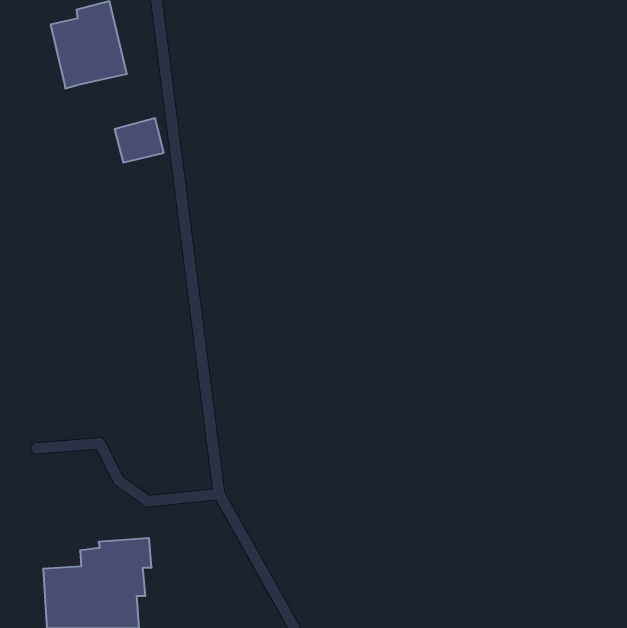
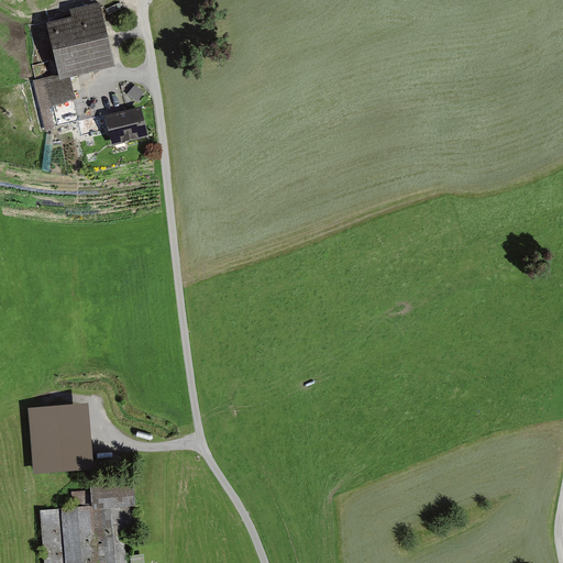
building: none -> [32,74,74,130]
building: none -> [29,405,93,473]

